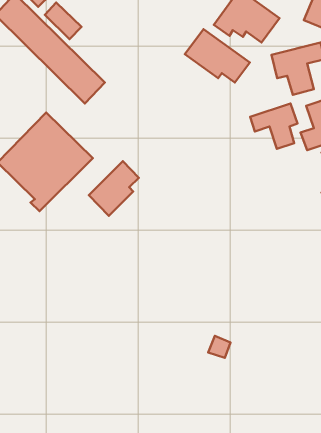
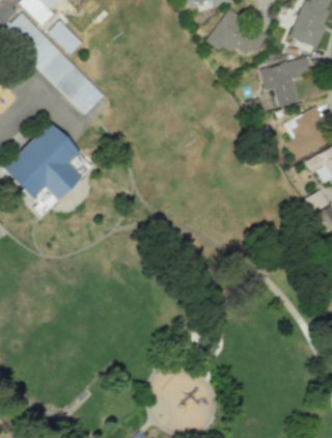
building: [185,29,250,82] -> none
building: [250,103,298,149] -> none
building: [89,161,139,216] -> none

